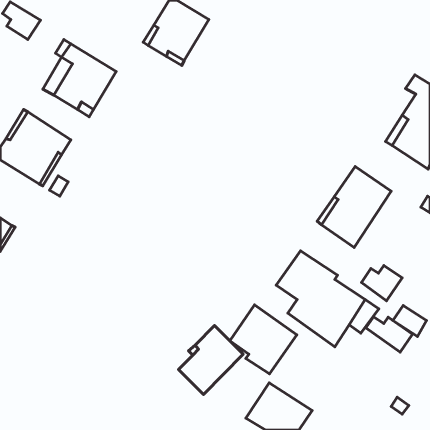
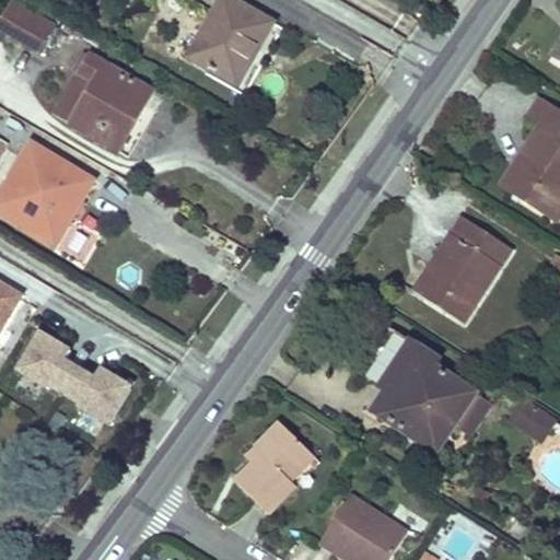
building: none -> [15,324,133,422]
building: [361,266,402,301] -> none
building: [230,305,297,374] -> none
building: [366,317,413,352] -> none

